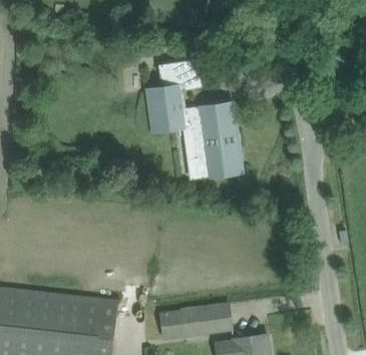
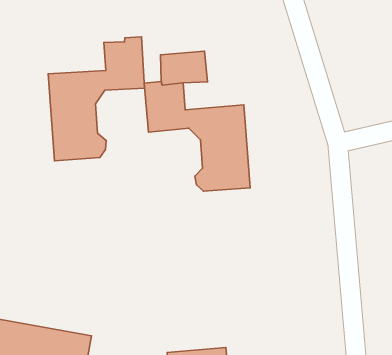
building: none -> [48,37,144,161]

